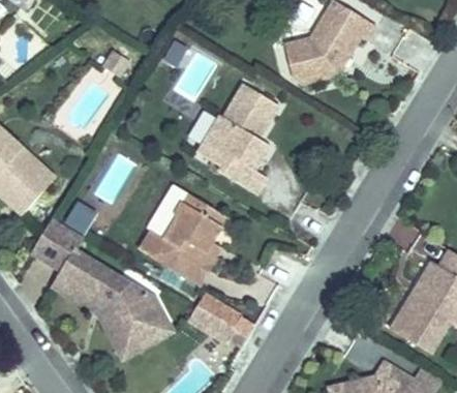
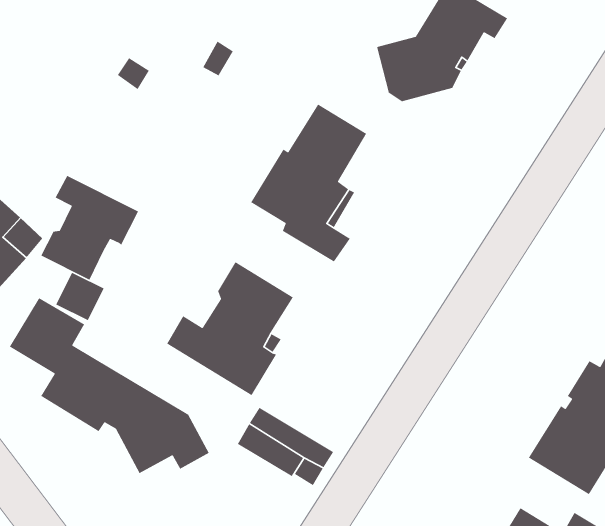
building: none -> [40,175,139,281]
building: [93,303,173,357] -> none

